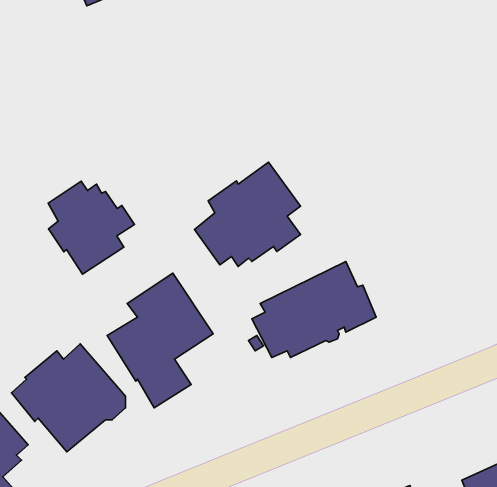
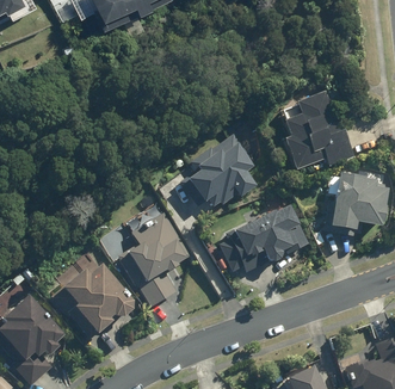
building: none -> [286,88,360,168]
building: [48,181,134,274] -> none
building: none -> [322,172,384,235]

